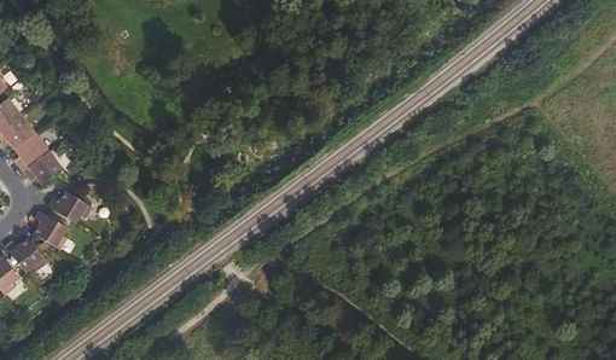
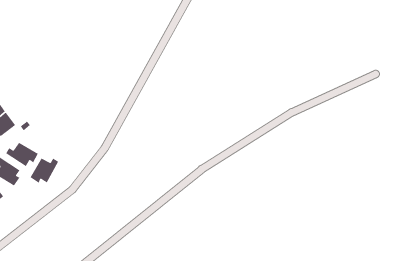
building: none -> [29,158,59,184]

